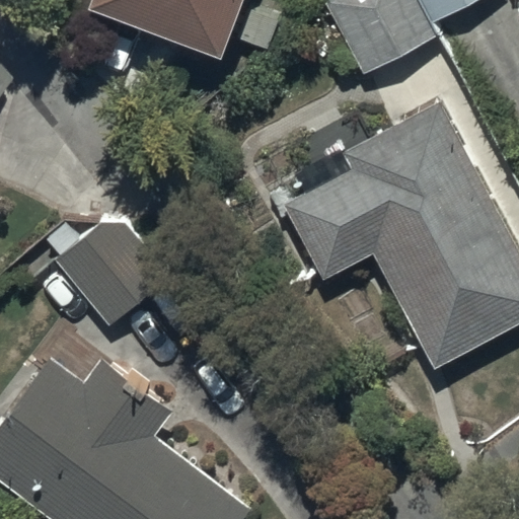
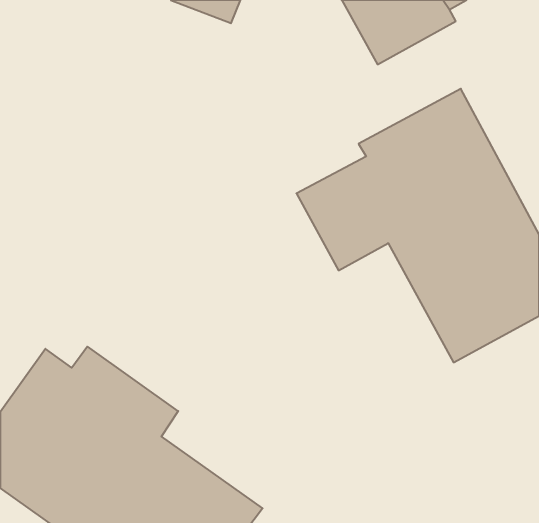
building: [41,214,165,327] -> none

